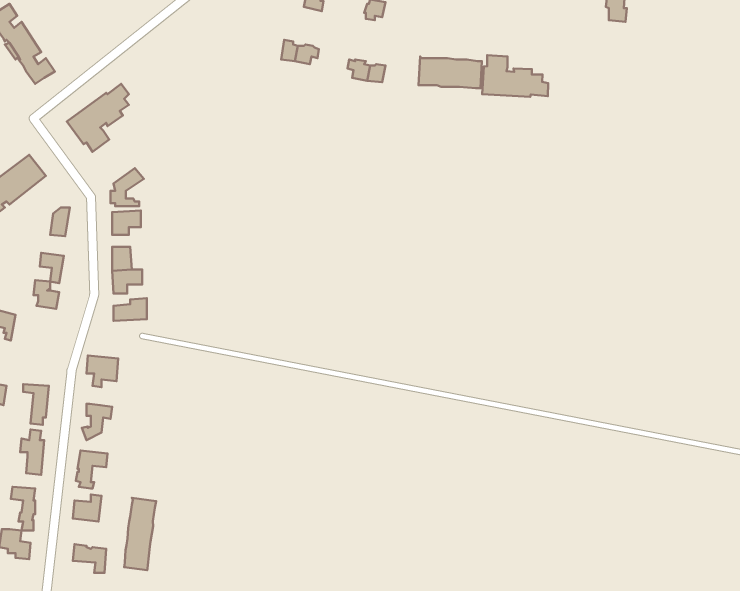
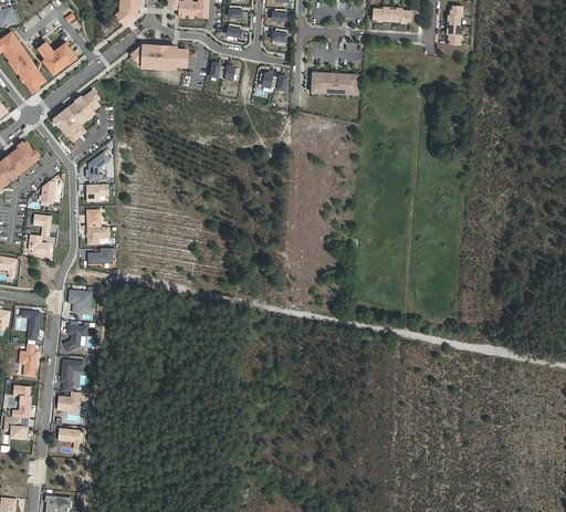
building: none -> [36,43,75,75]
building: none -> [130,45,187,70]
building: [482,55,548,97] -> none
building: [124,498,156,570] -> none

